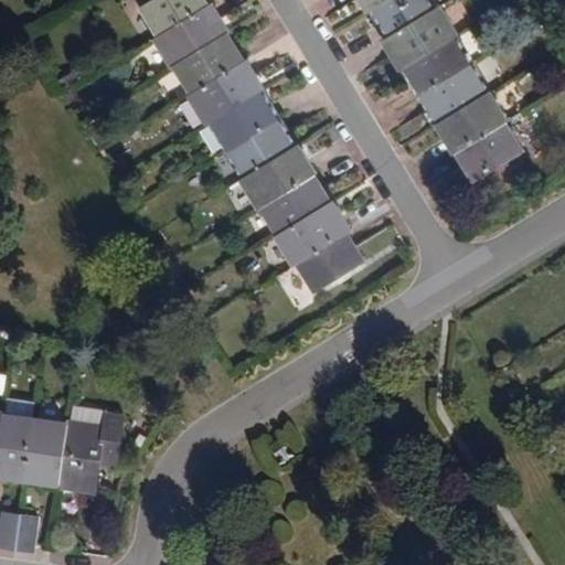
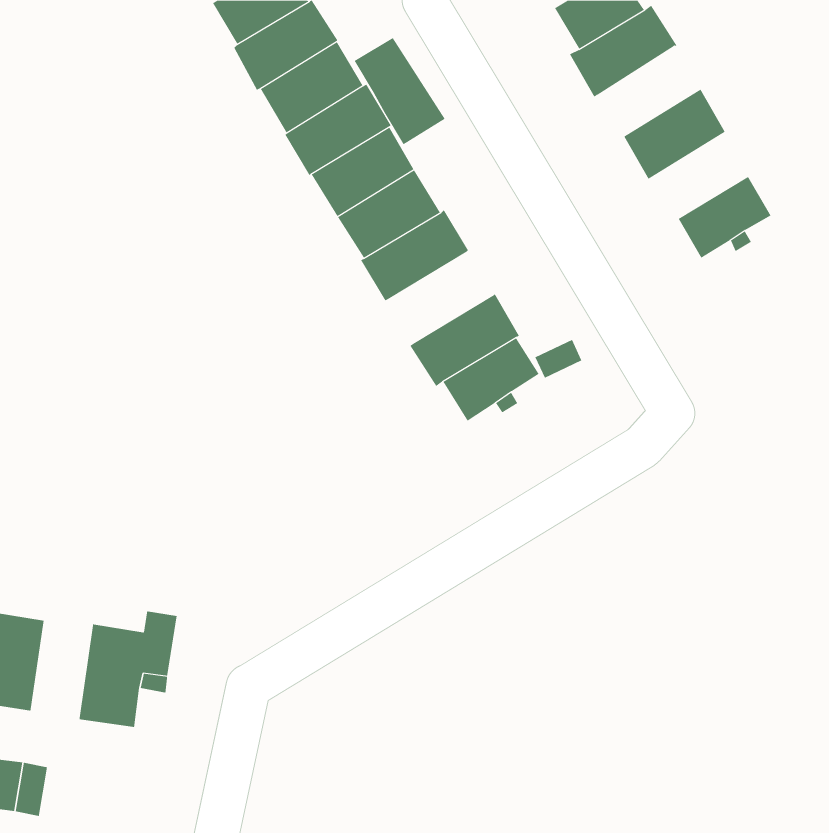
building: none -> [354,37,445,145]
building: [401,36,470,97] -> none
building: [435,94,504,153] -> none
building: [260,174,331,235] -> none
building: [21,422,62,487] -> none

